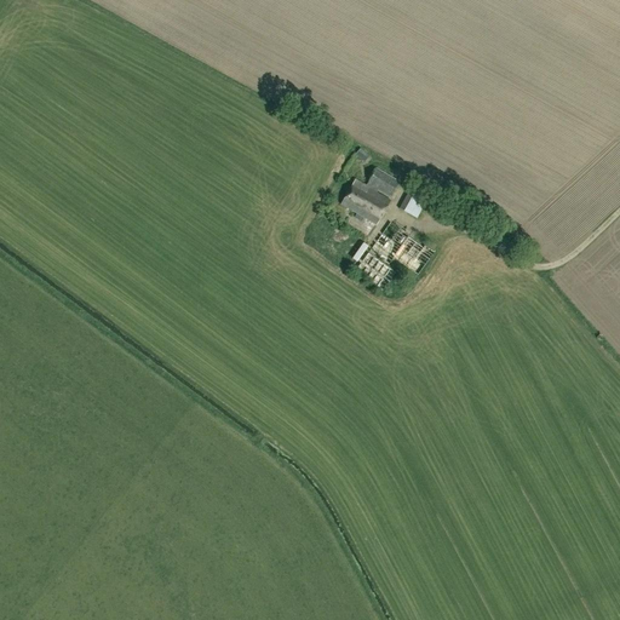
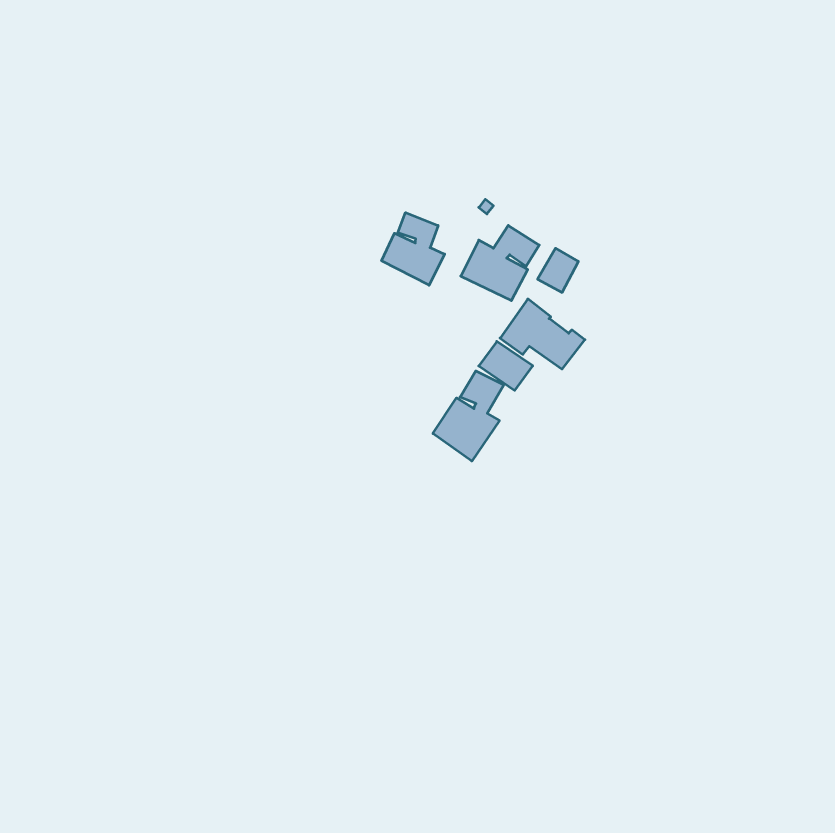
building: none -> [382,213,445,285]
building: none -> [433,371,504,461]

